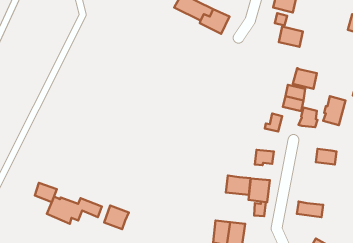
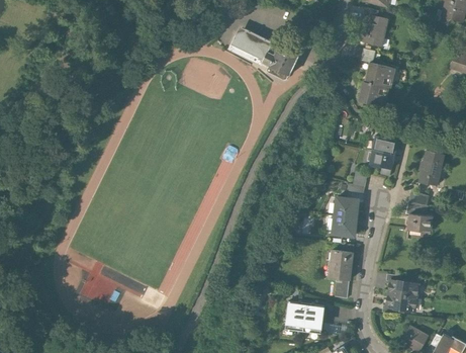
building: [293,68,317,89] -> [357,82,386,107]
building: [299,108,318,127] -> [407,192,431,216]
building: none -> [337,196,360,217]
building: [226,175,251,195] -> none
building: [35,183,57,202] -> none
building: [104,205,129,229] -> none
building: none -> [384,294,416,313]

